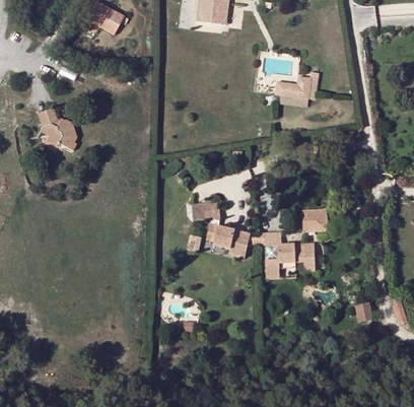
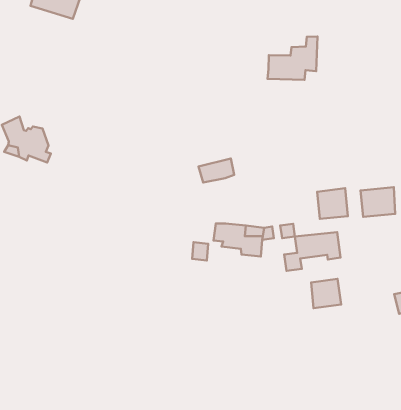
building: [191,202,220,219] -> [199,159,234,183]
building: none -> [360,187,395,217]
building: none -> [311,279,341,308]

